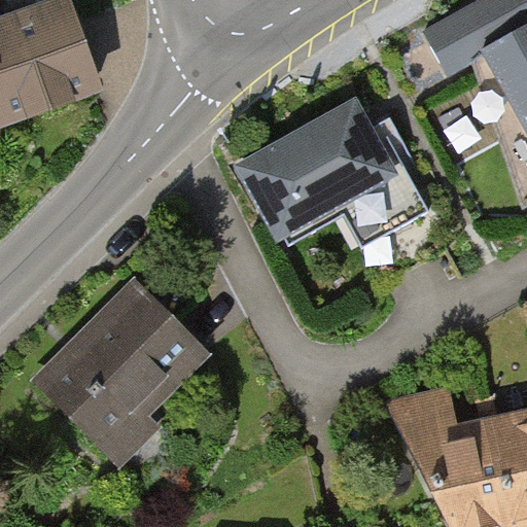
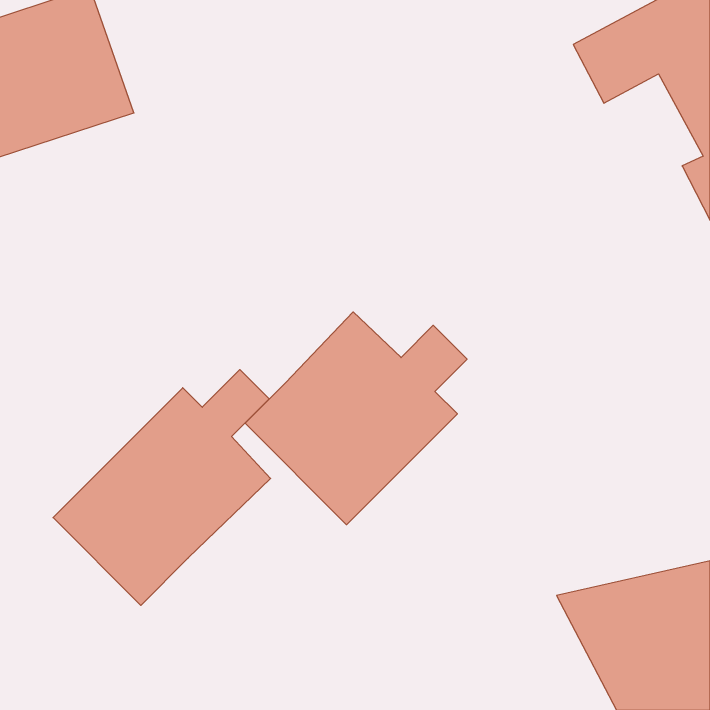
building: [241,120,430,238] -> none
building: none -> [245,312,467,525]

